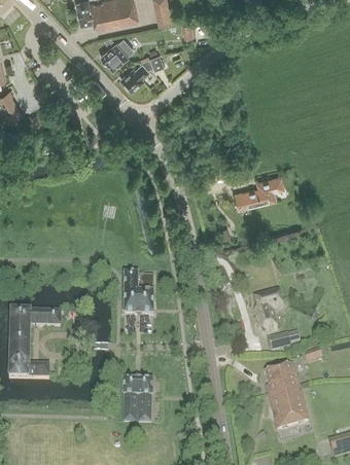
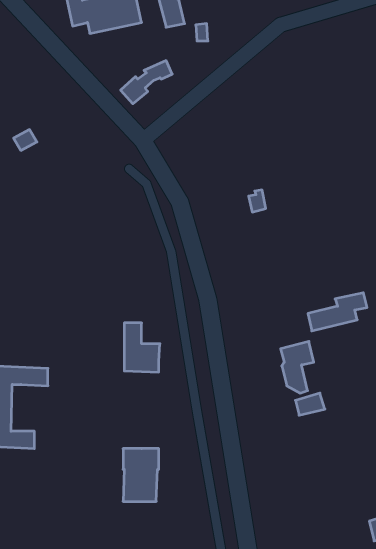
building: [100,38,133,70] -> none
building: [234,177,283,209] -> [308,293,367,331]
building: [266,364,309,428] -> none

